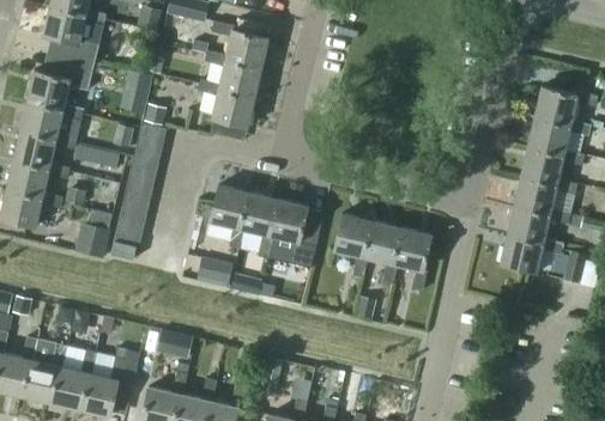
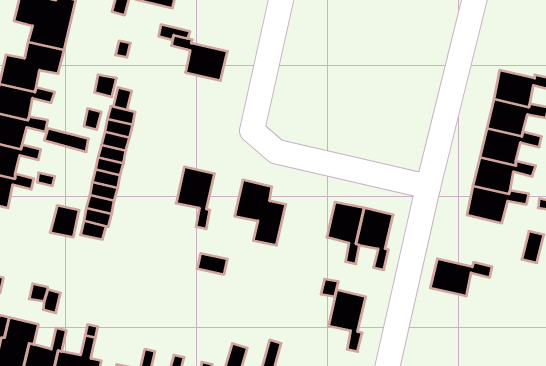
building: [211,22,267,67] -> none
building: [196,80,254,127] -> none
building: [240,193,277,256] -> none
building: [333,214,371,277] -> [328,290,366,352]
building: [500,234,563,273] -> [430,259,492,296]
building: [196,256,231,287] -> none
building: [155,329,189,359] -> none

